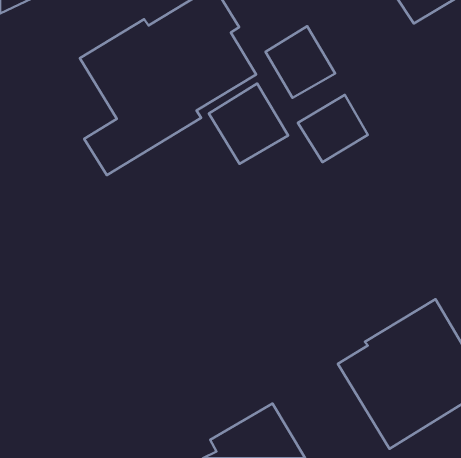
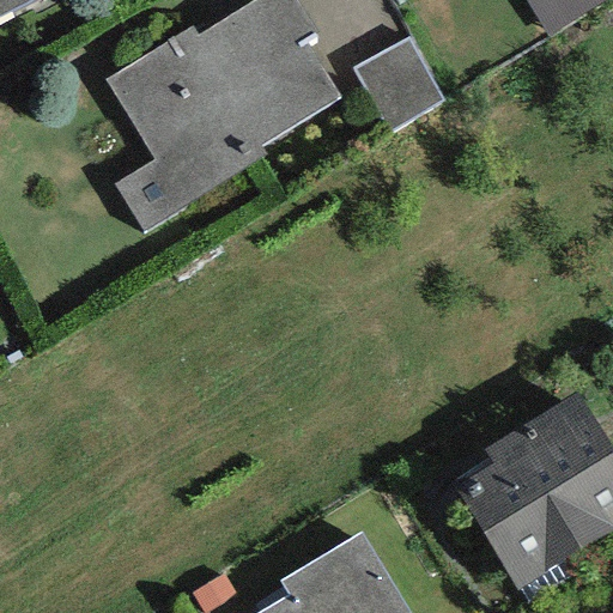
building: [209,83,288,164] -> none
building: [298,95,368,162] -> none

